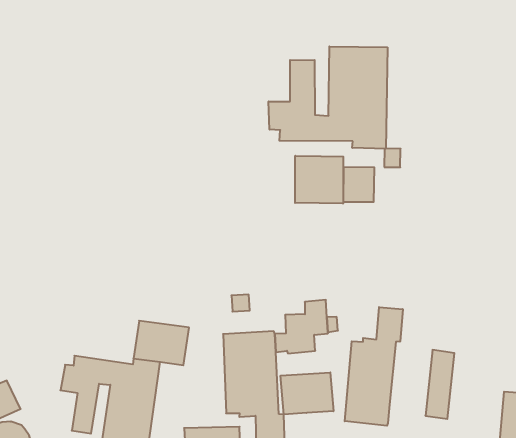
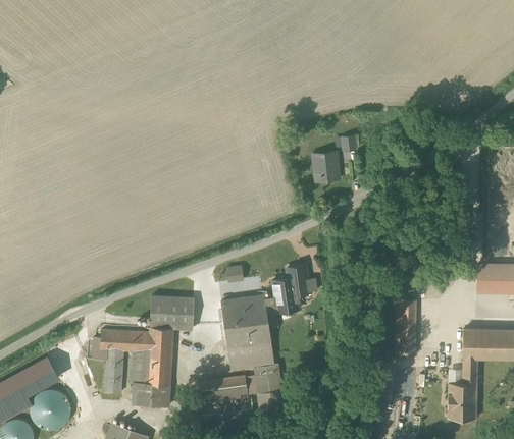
building: [269,46,387,149] -> none
building: [295,156,343,204] -> none
building: [345,307,403,426] -> none
building: [281,372,333,415] -> none

